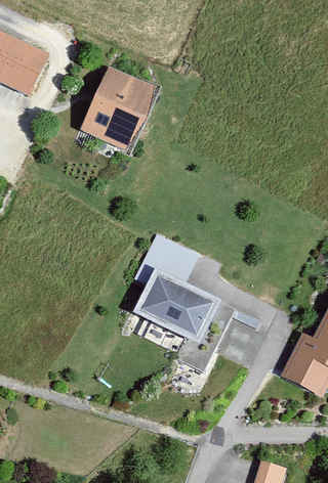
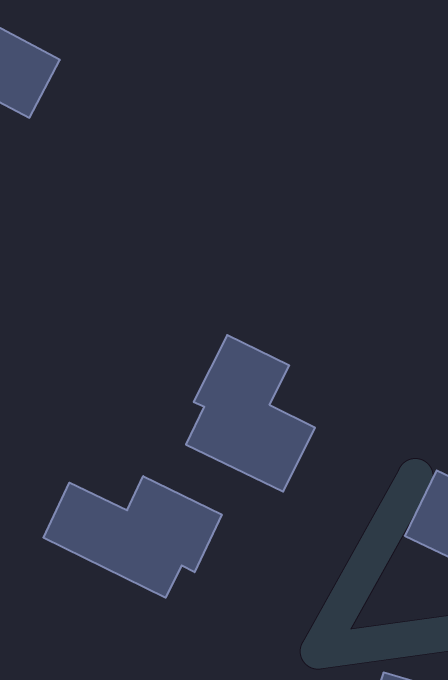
building: [78,64,155,149] -> none
building: none -> [43,476,222,598]

